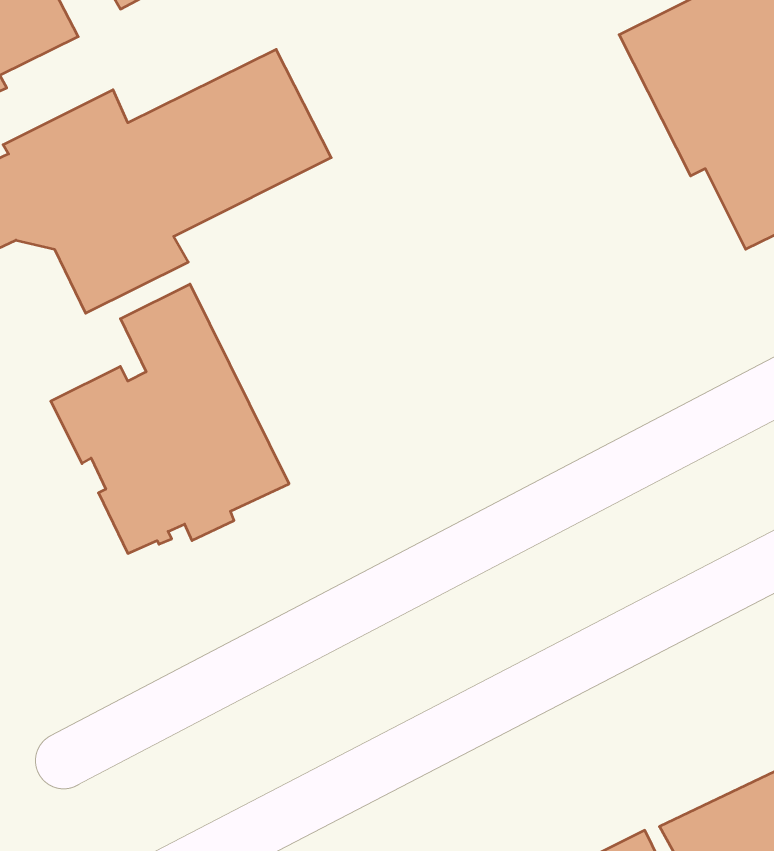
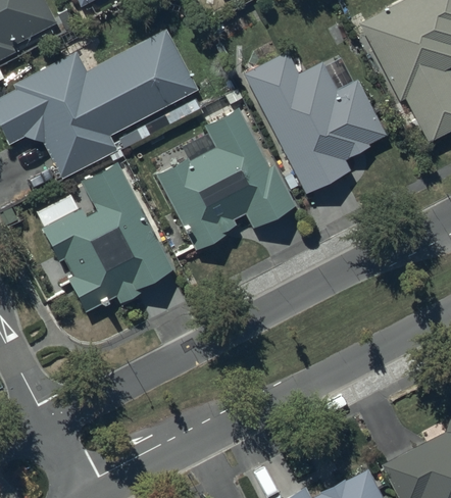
building: none -> [243,50,386,195]
building: none -> [156,106,297,250]

